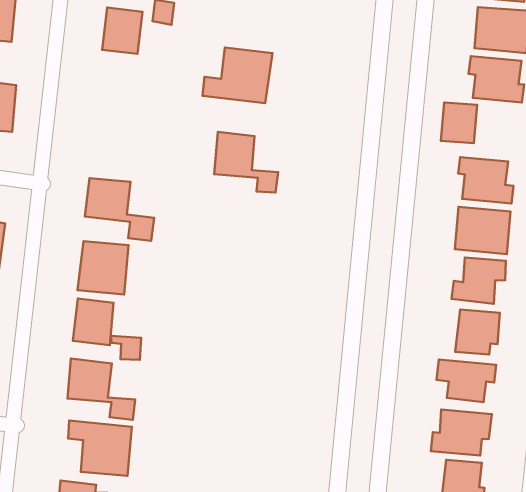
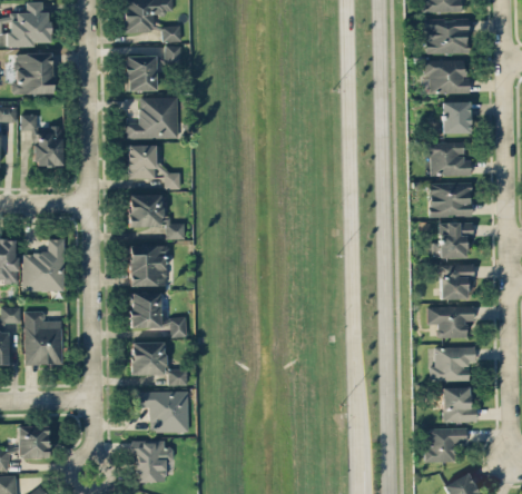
building: [202,47,272,103] -> [126,98,178,139]
building: [441,102,477,143] -> [442,102,470,135]
building: [214,132,278,193] -> [128,146,180,190]

